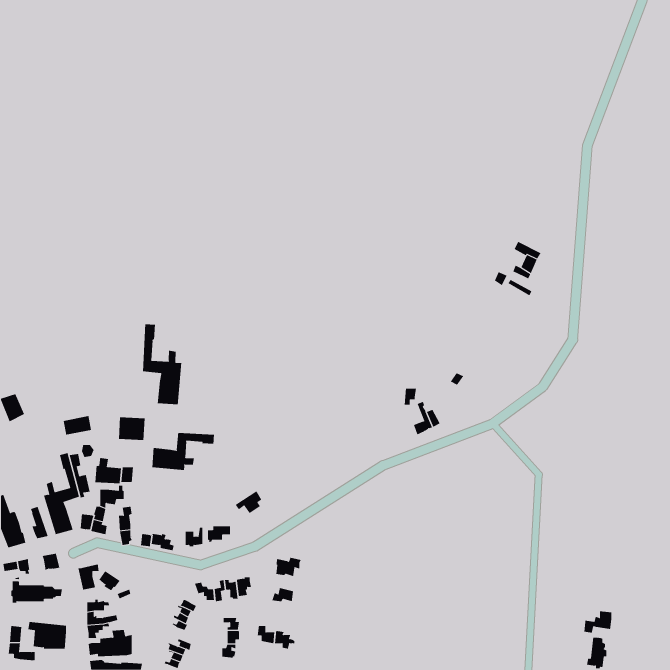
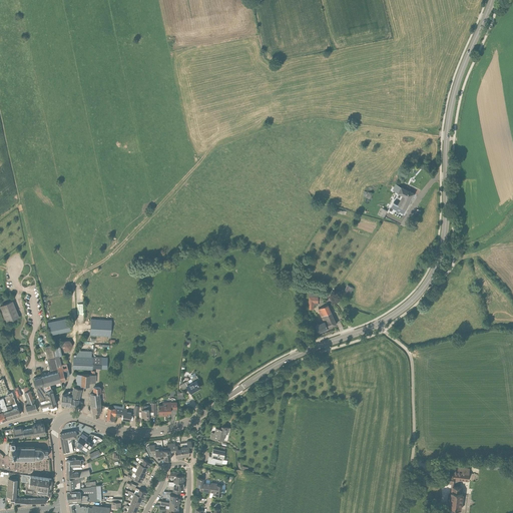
building: [142,324,182,405] -> none
building: [152,432,215,471] -> none

